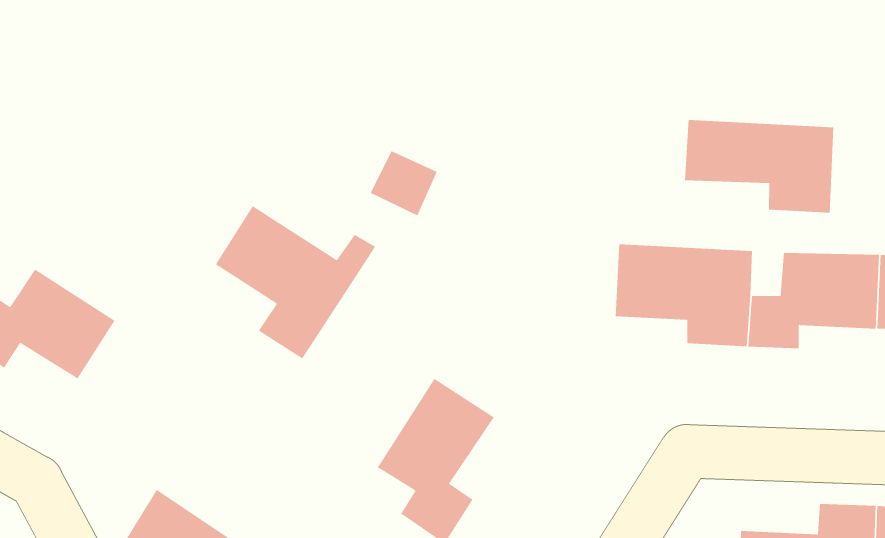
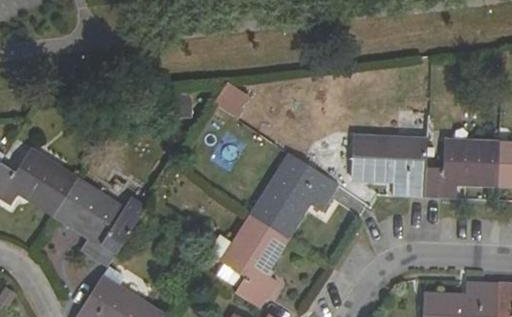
building: [684,119,834,213] -> none
building: [215,205,376,359] -> [53,180,143,266]
building: none -> [252,153,337,234]

